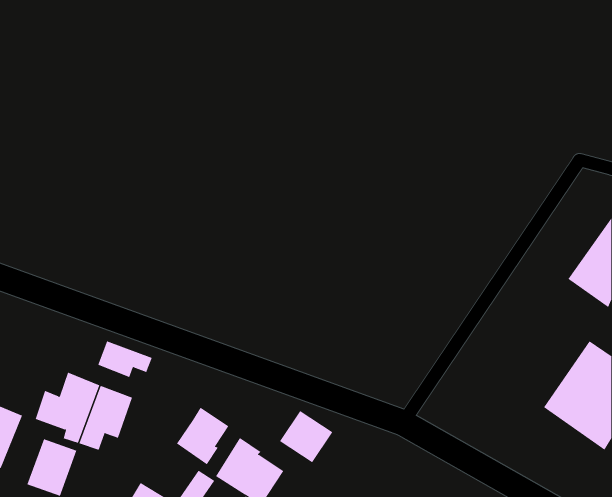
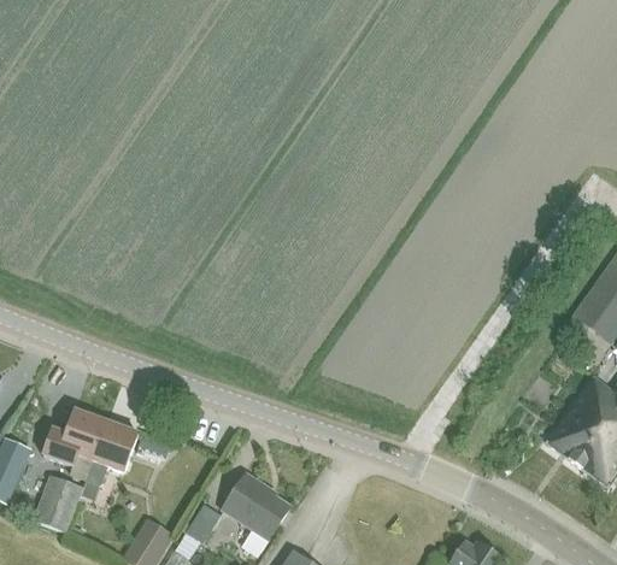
building: [98,341,153,378] -> none
building: [176,407,229,465] -> none
building: [279,410,333,463] -> none

